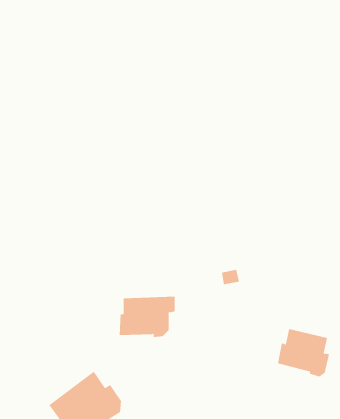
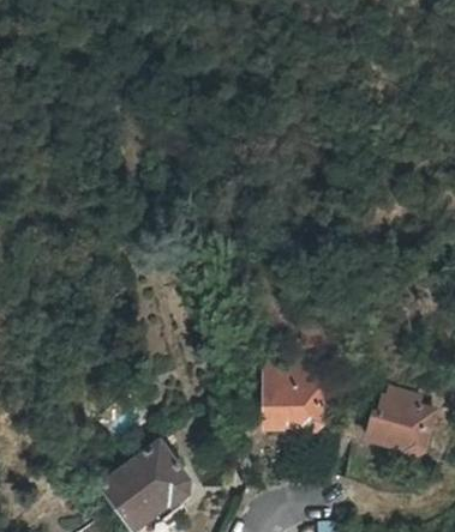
building: [119,296,176,338] -> [264,380,330,428]

